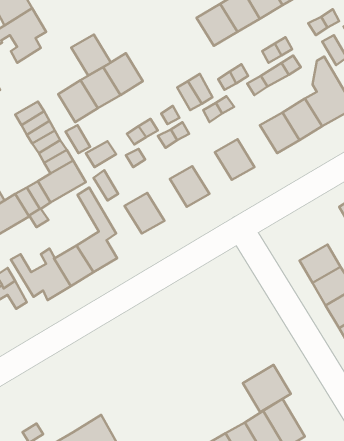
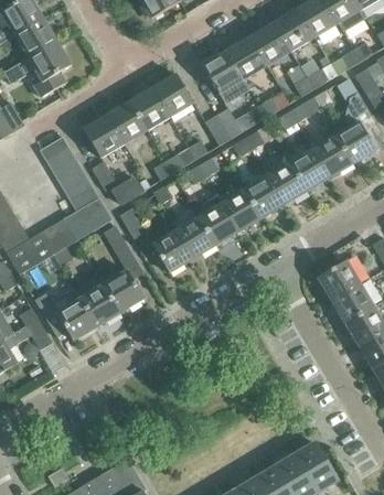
building: none -> [202,51,248,104]
building: [71,35,111,75] -> [152,74,193,116]
building: none -> [267,161,308,204]
building: none -> [221,189,262,232]
building: none -> [174,216,215,259]
building: none -> [317,260,360,300]
building: [243,365,291,412] -> none

